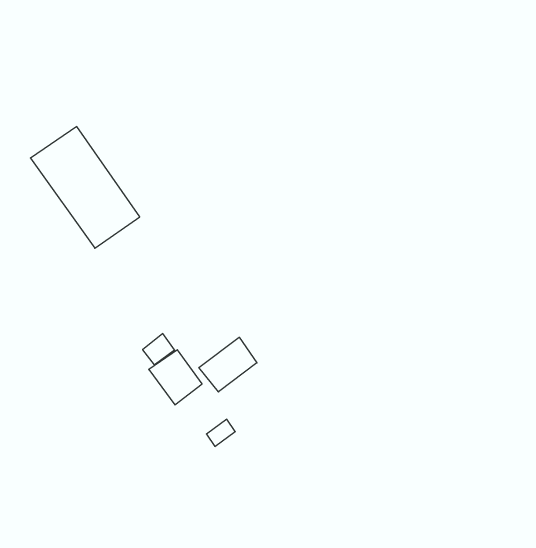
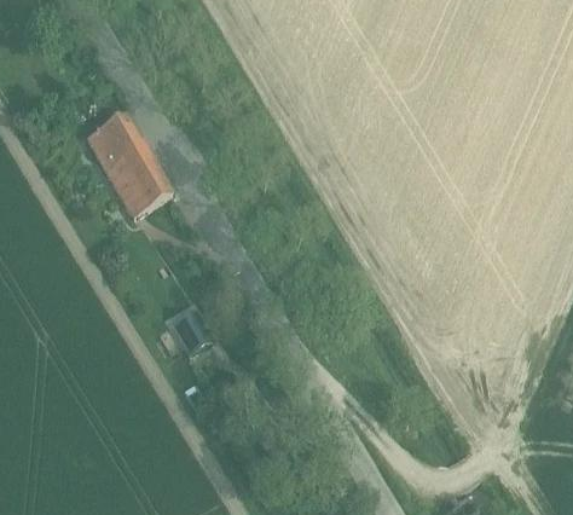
building: [199,337,257,392] -> none

